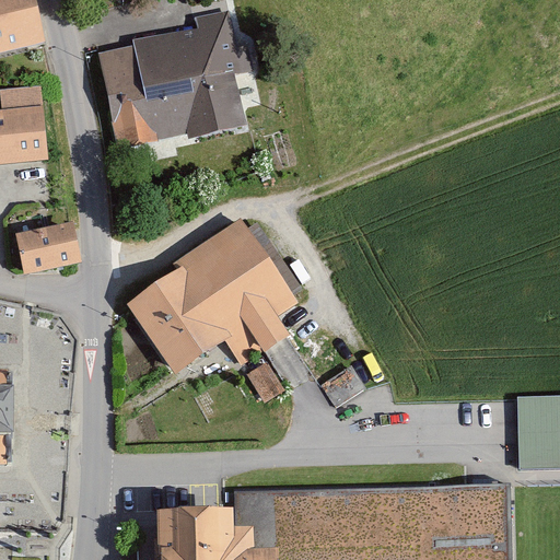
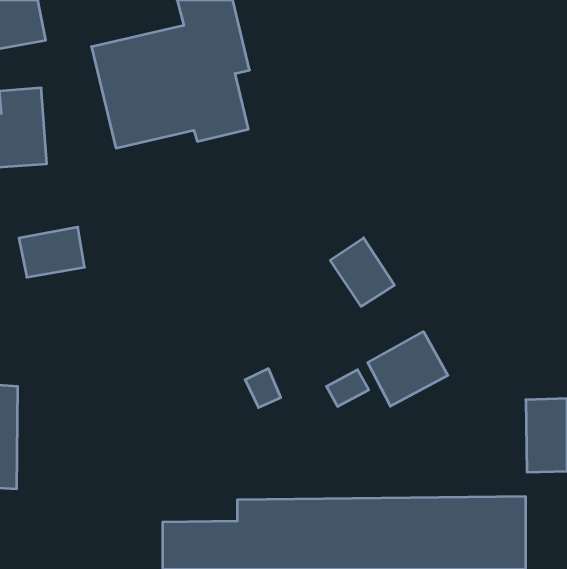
building: [121,220,301,376] -> none
building: none -> [330,238,394,306]
building: none -> [368,332,448,406]

